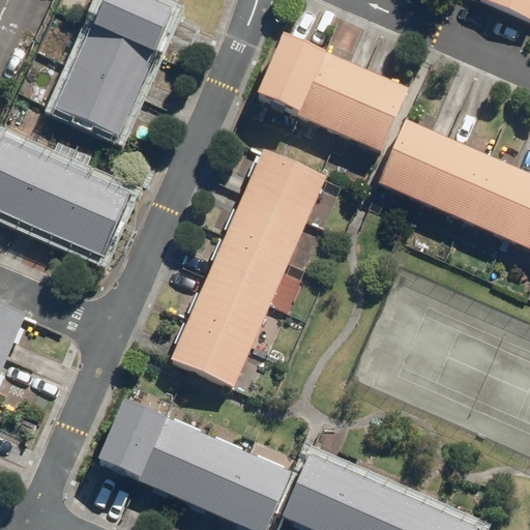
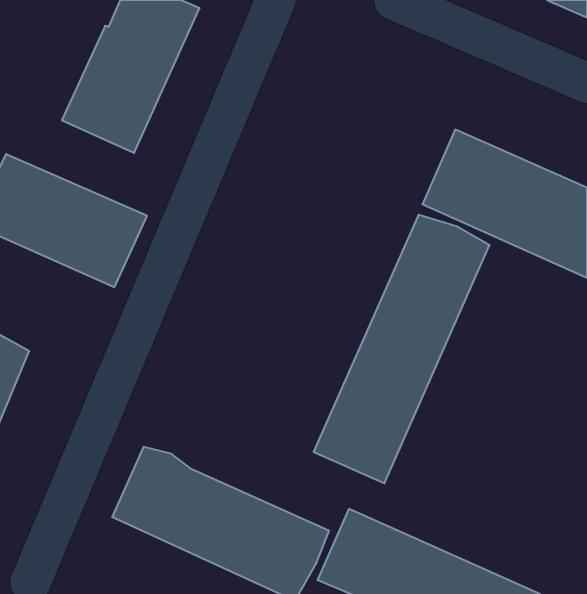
building: [248,30,398,149] -> none
building: [171,150,327,388] -> [313,215,490,483]

